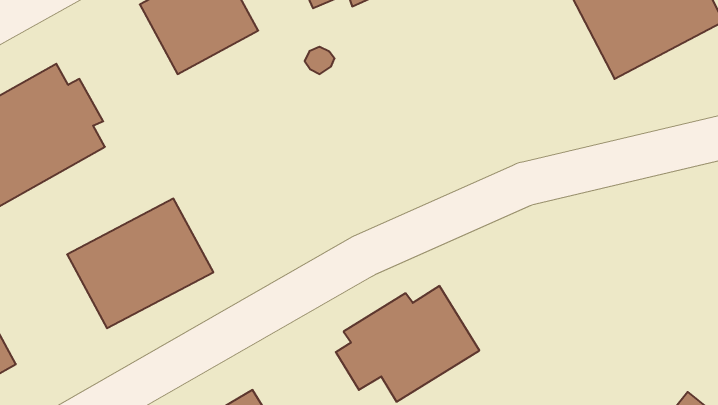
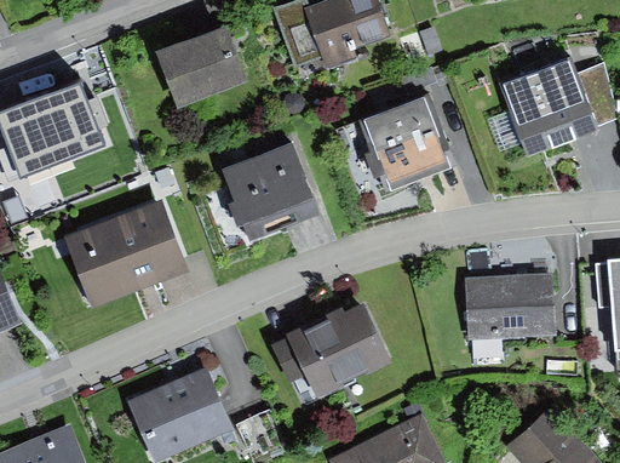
building: none -> [361,91,452,188]
building: none -> [222,142,317,239]
building: none -> [463,271,553,341]

